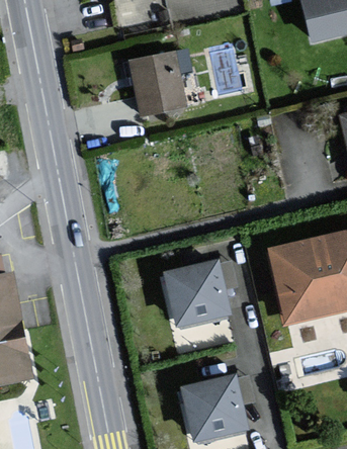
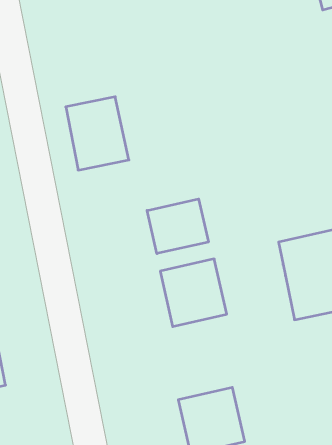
building: [128,54,185,119] -> [66,97,129,170]
building: none -> [147,199,208,254]

